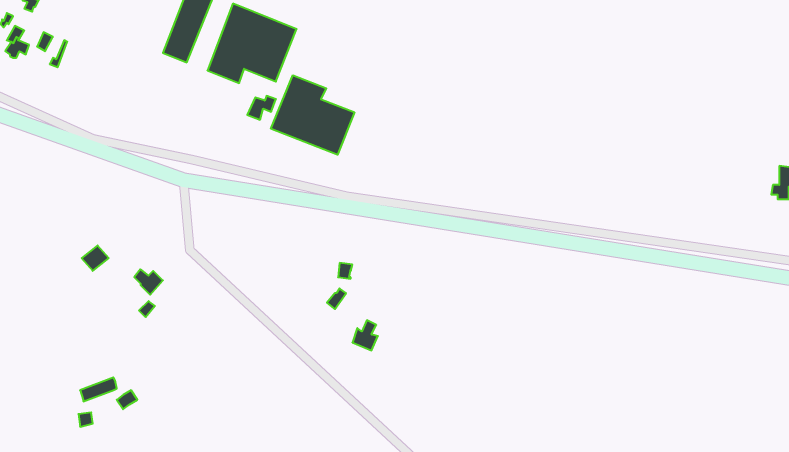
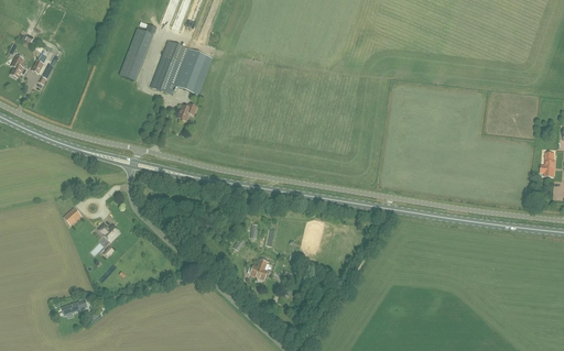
building: [271,75,354,155] -> none

